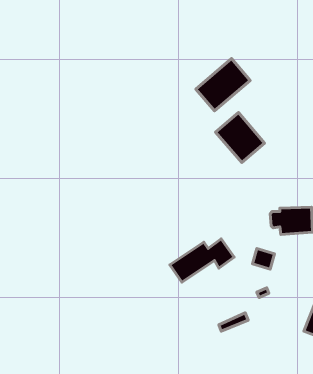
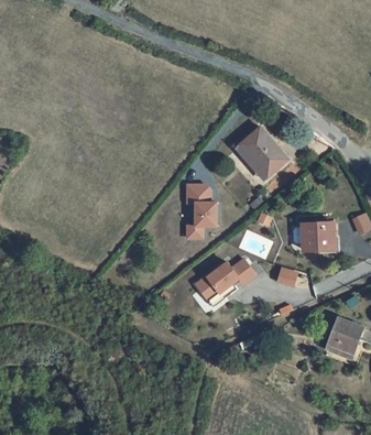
building: [196,59,250,111] -> none
building: none -> [184,183,214,240]

